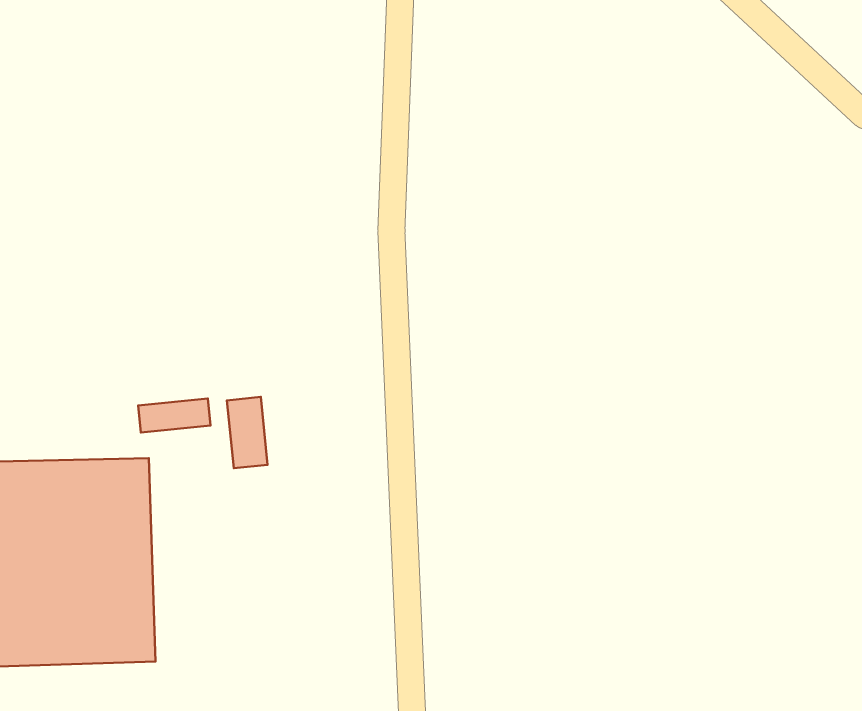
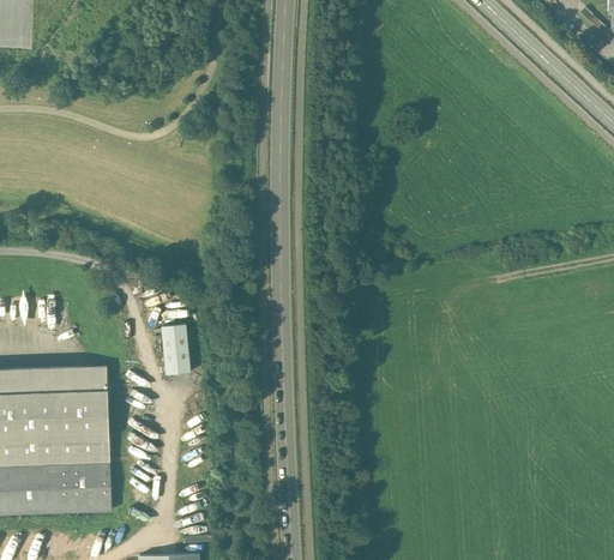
building: [138,399,211,432] -> none

